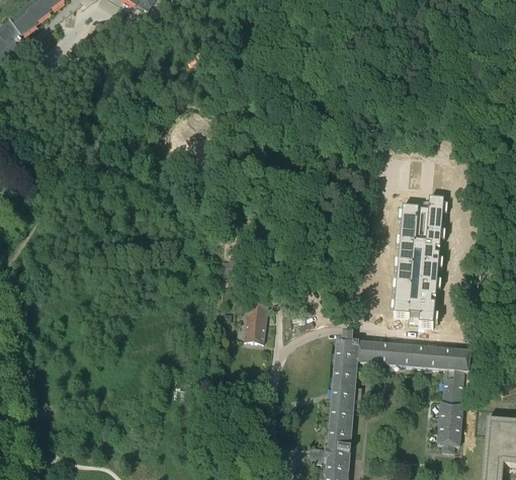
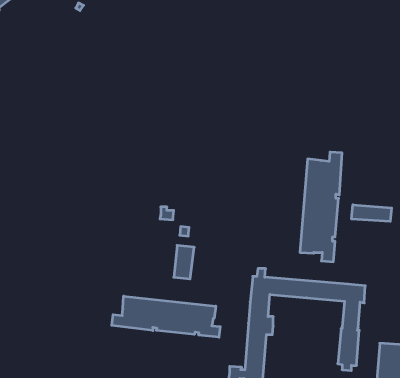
building: none -> [352,205,392,221]
building: none -> [112,296,220,337]

